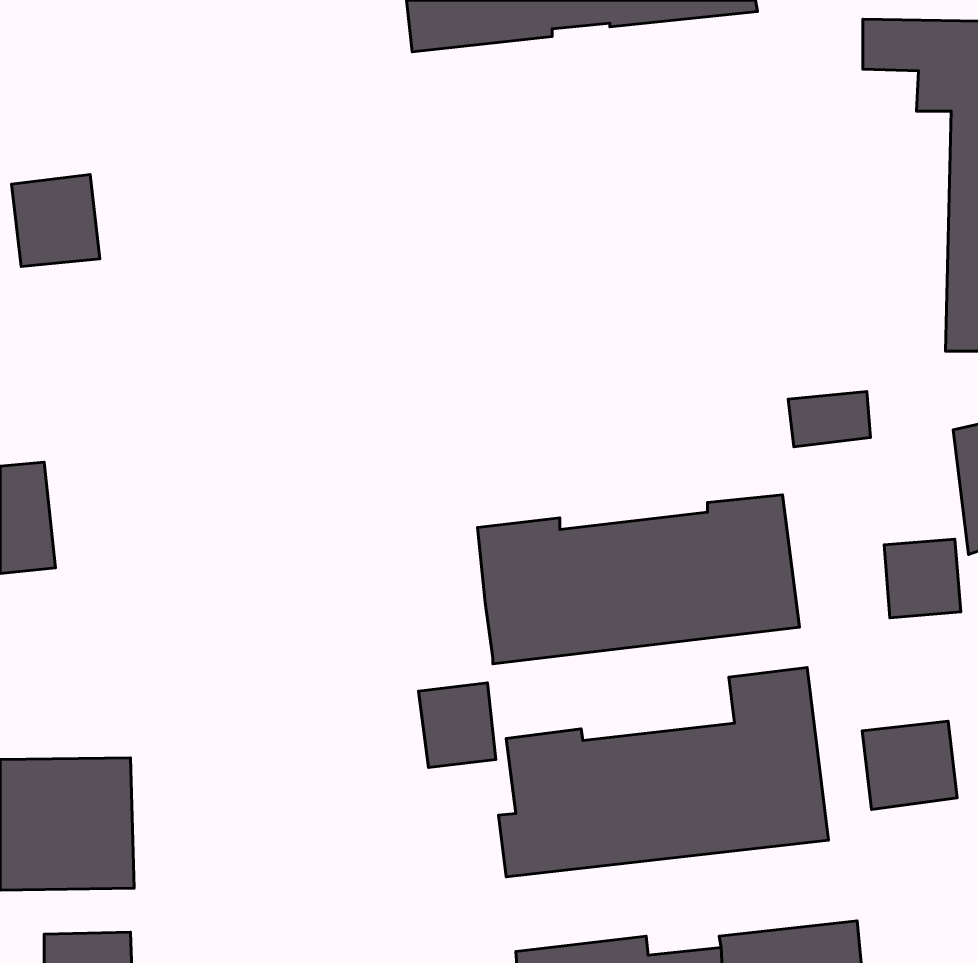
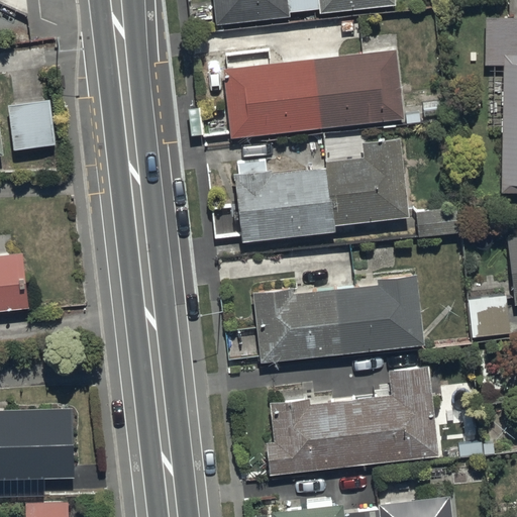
building: none -> [225,61,406,148]
building: none -> [238,150,412,253]
building: [418,683,496,767] -> none
building: [862,721,957,809] -> none

